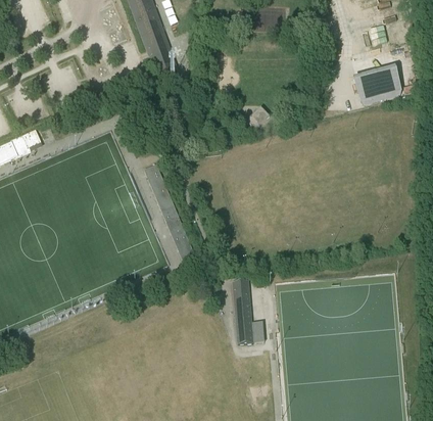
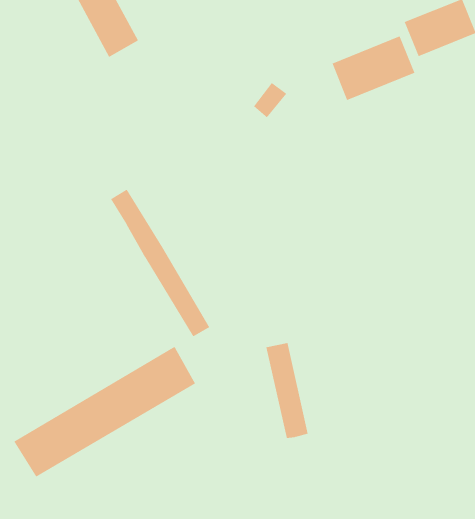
building: none -> [332,36,415,101]
building: none -> [13,346,196,477]

